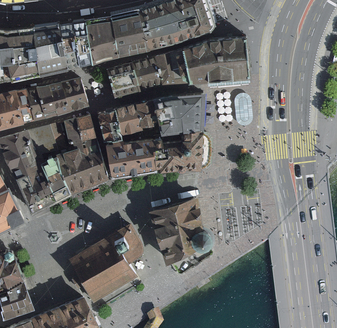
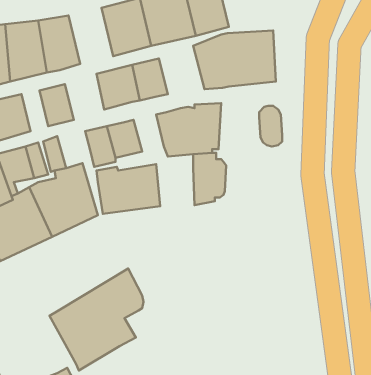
building: [84,16,119,60] -> none
building: [155,46,191,84] -> none
building: [47,81,68,113] -> none
building: [135,100,159,129] -> none
building: [75,114,95,142] -> none
building: [153,138,183,172] -> none
building: [148,193,212,261] -> none

